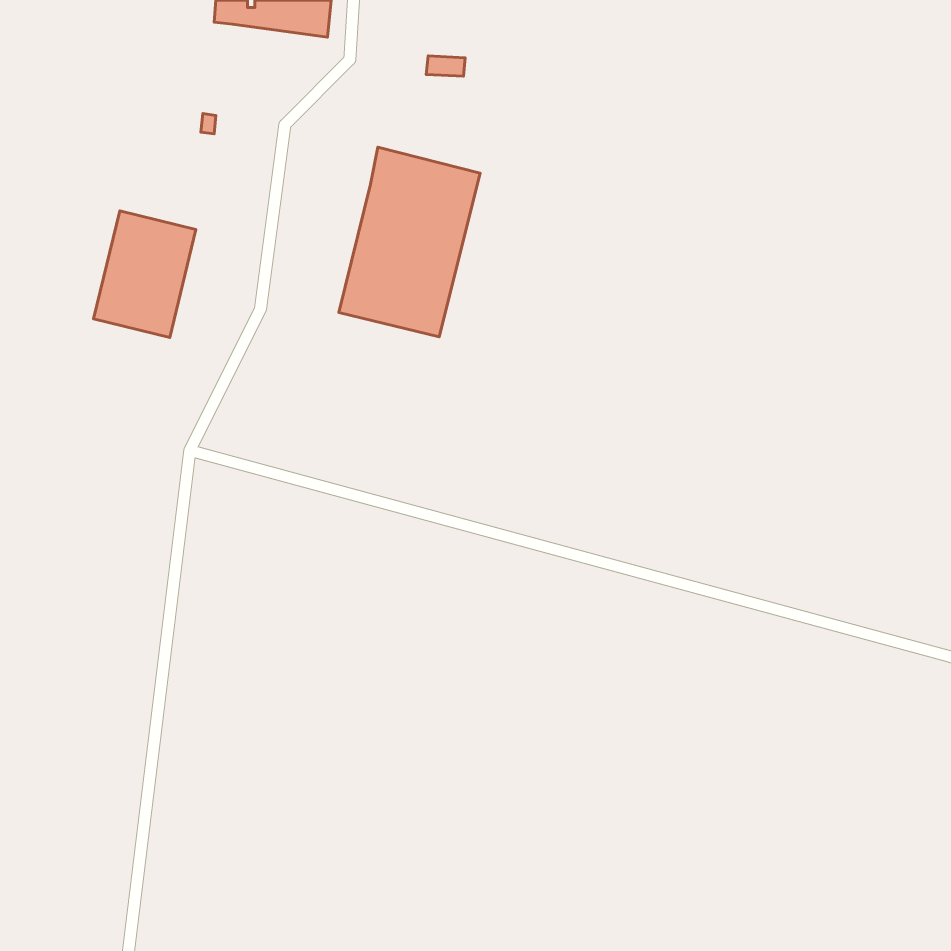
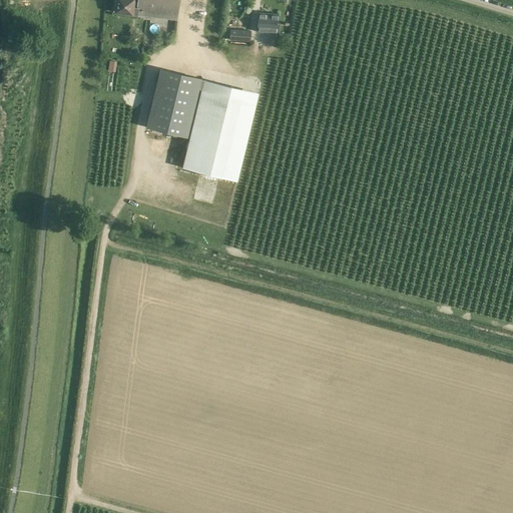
building: none -> [258,13,279,34]
building: [94,211,196,337] -> [146,69,201,137]

